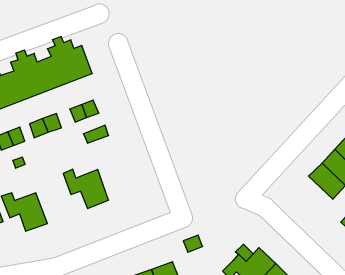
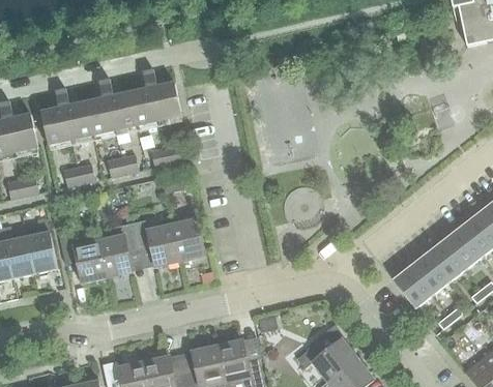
building: none -> [172,218,205,260]
building: none -> [98,222,138,276]
building: none -> [392,265,432,308]

